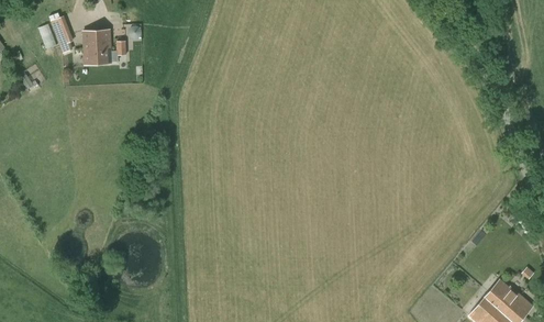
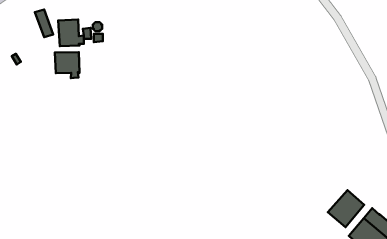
building: none -> [55,52,80,78]
building: none -> [328,190,364,227]

